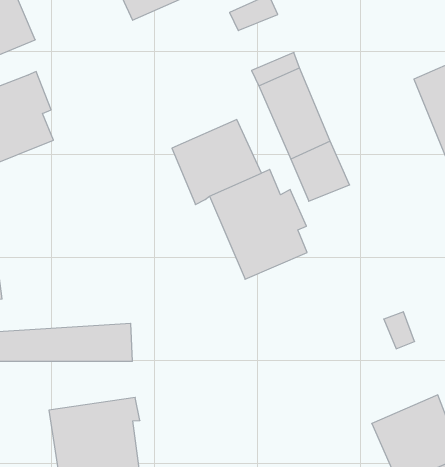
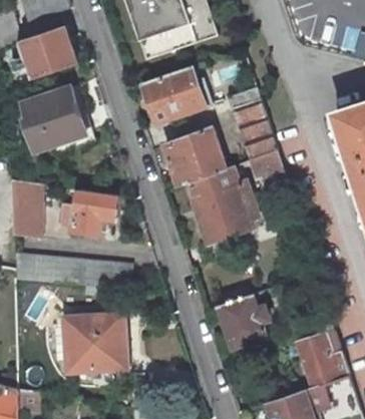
building: none -> [142,64,203,123]
building: none -> [70,191,116,236]
building: none -> [221,294,264,346]

